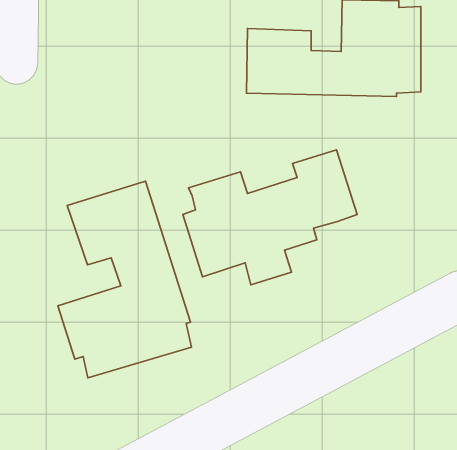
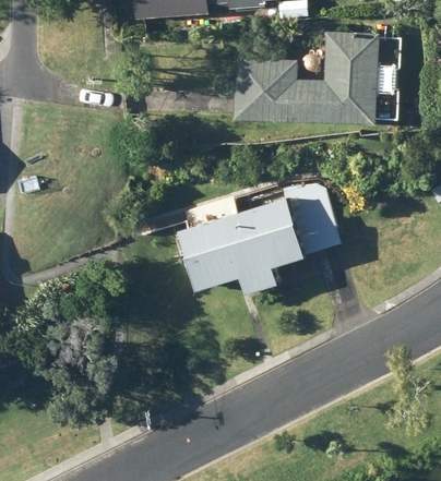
building: [58,181,191,378] -> none

